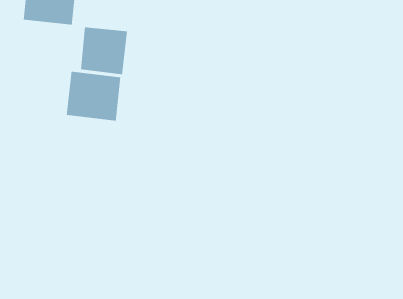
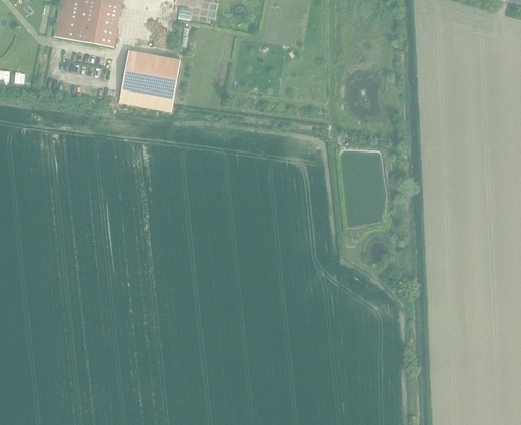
building: [66,71,121,121] -> none

